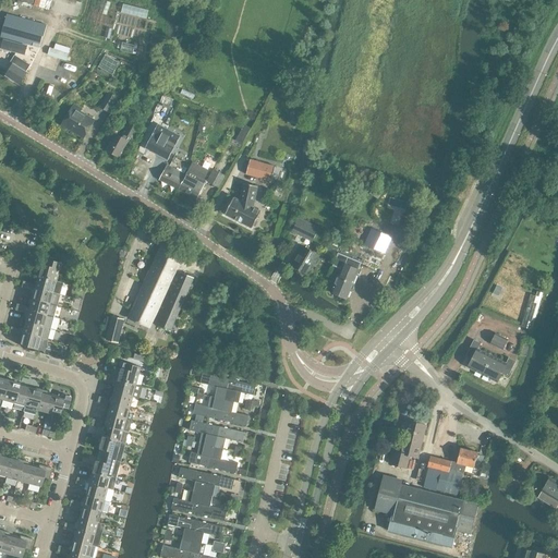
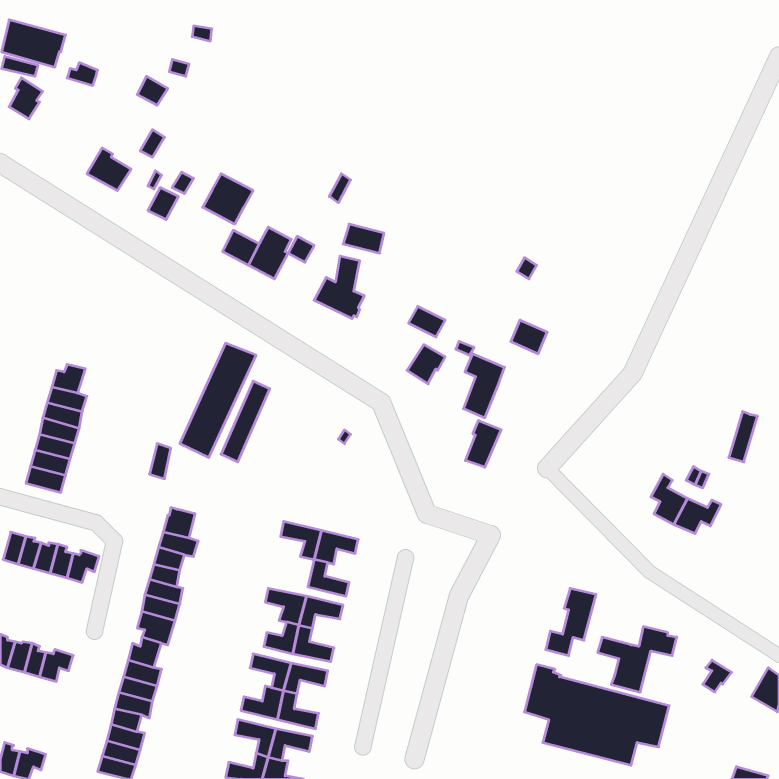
building: none -> [465,420,501,467]
building: [193,397,225,420] -> none

